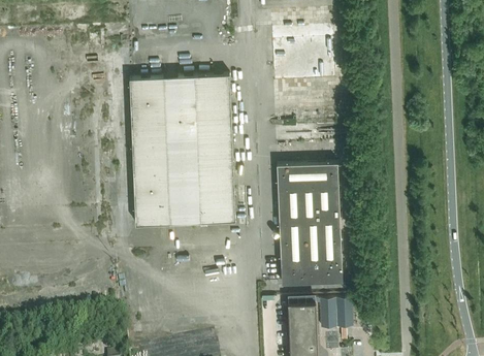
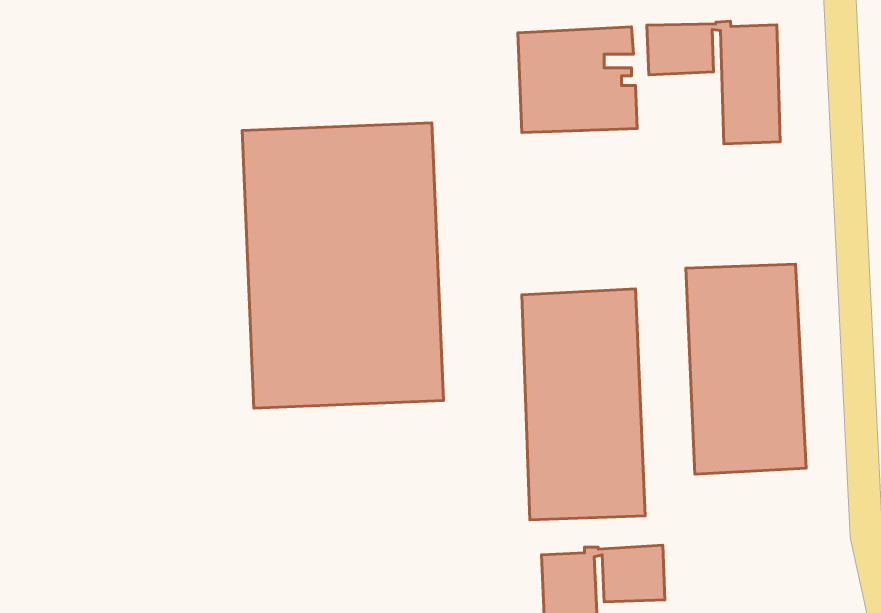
building: none -> [647,21,780,144]
building: none -> [686,264,806,474]

